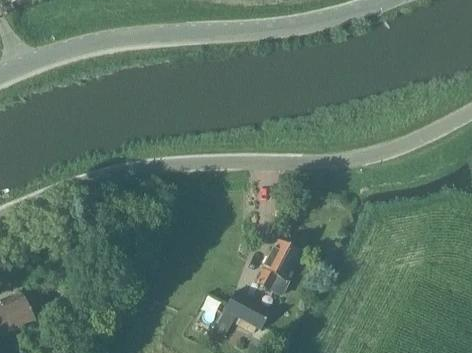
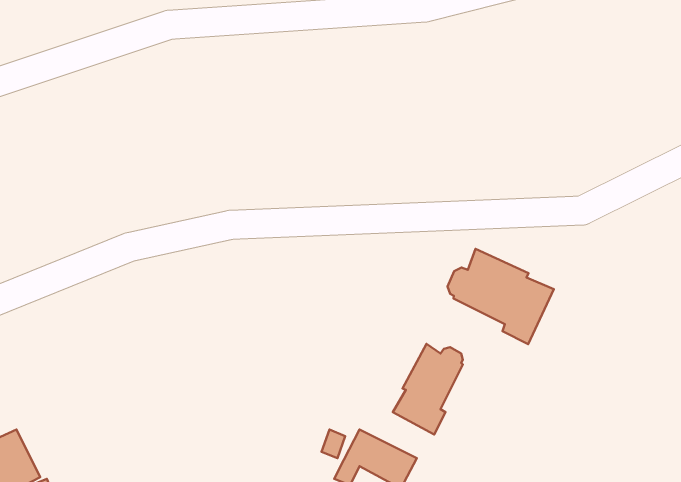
building: none -> [448,249,554,344]

